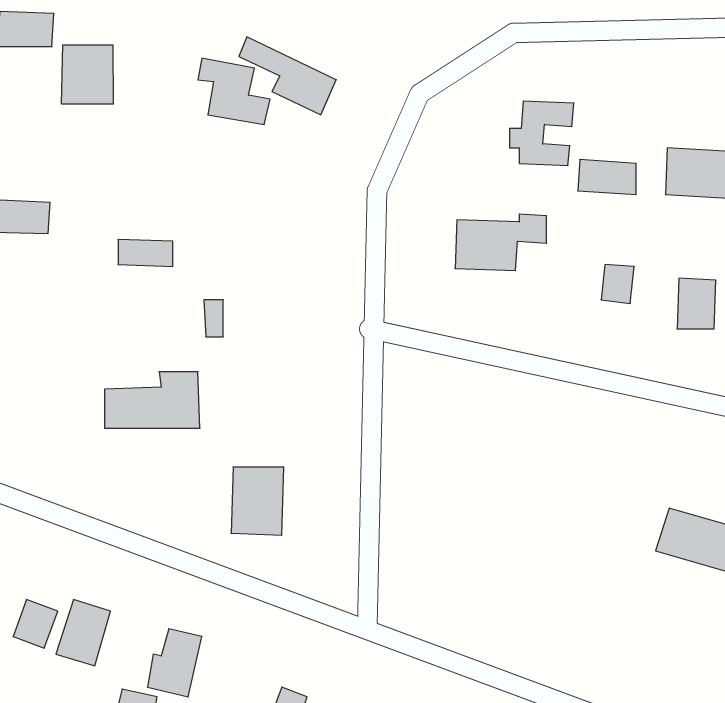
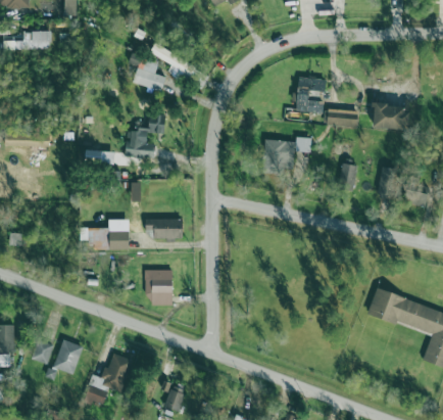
building: [62,45,113,104] -> none
building: none -> [127,114,165,158]
building: none -> [146,218,183,239]

